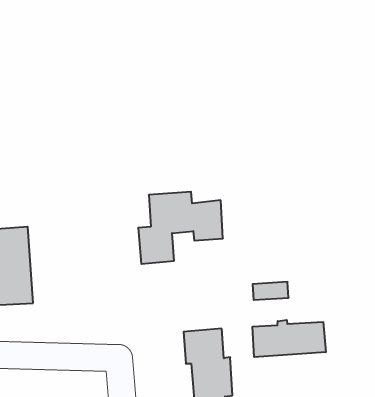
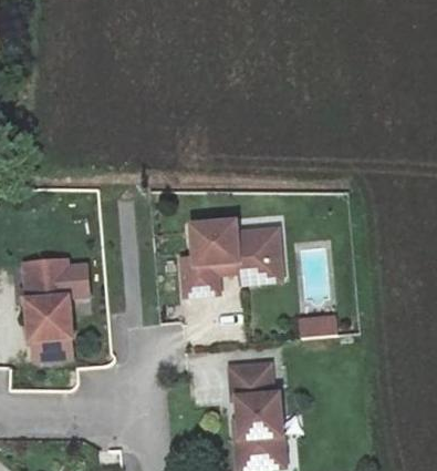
building: [253,320,326,357] -> none

